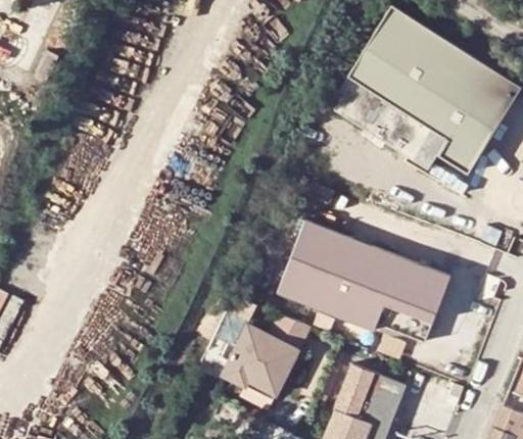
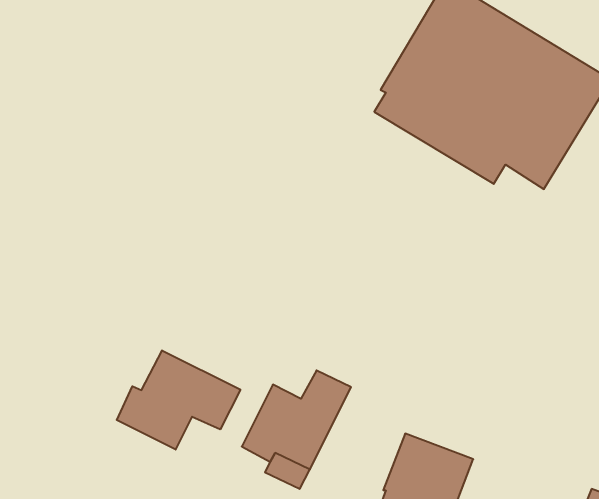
building: [280,223,453,343] -> none
building: none -> [117,350,240,450]

